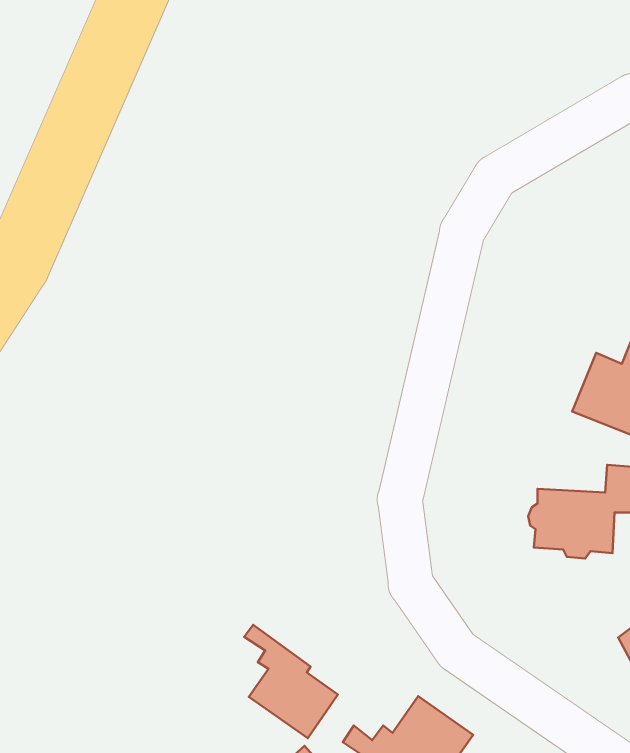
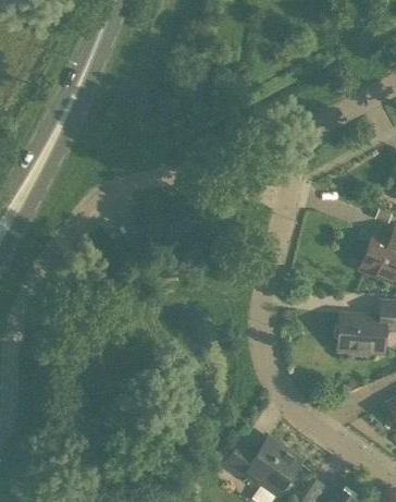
building: [244,625,338,738] -> none

